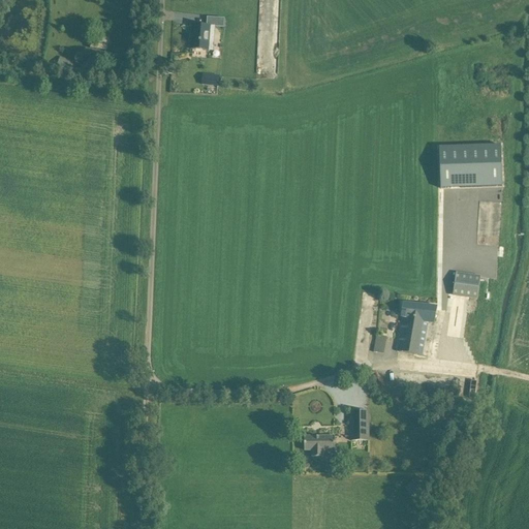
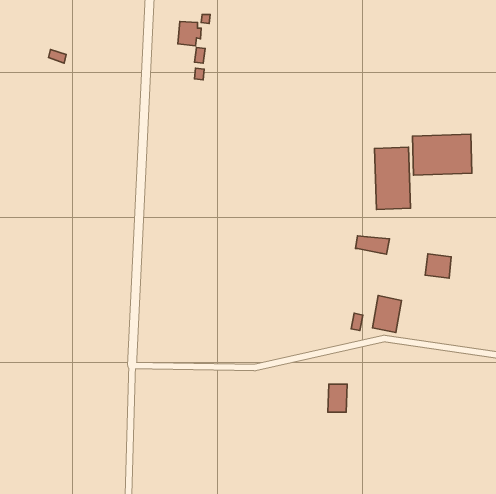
building: none -> [374,147,411,210]
building: [400,301,436,320] -> [356,236,390,254]
building: [303,433,334,454] -> none

